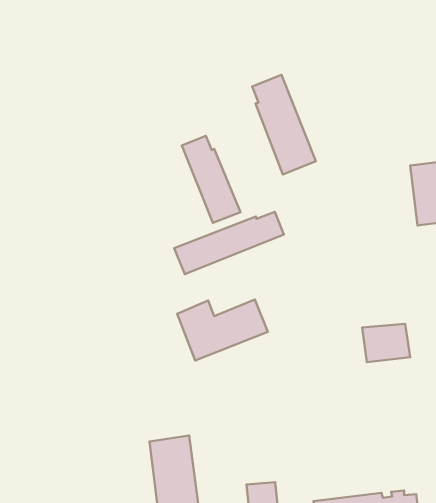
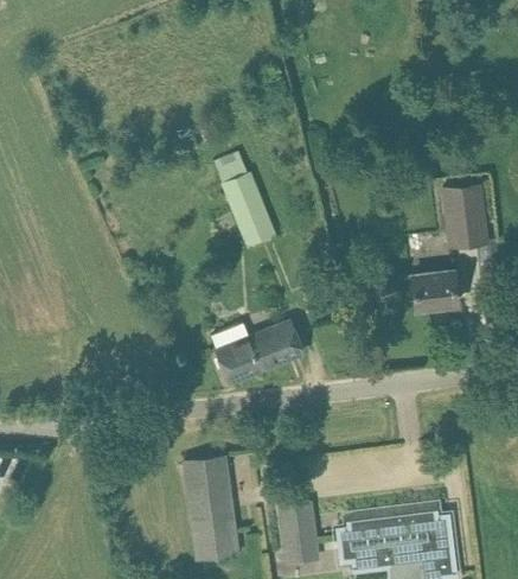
building: [252,75,316,175] -> none
building: [174,212,284,274] -> none
building: [362,324,410,362] -> [411,272,459,310]

